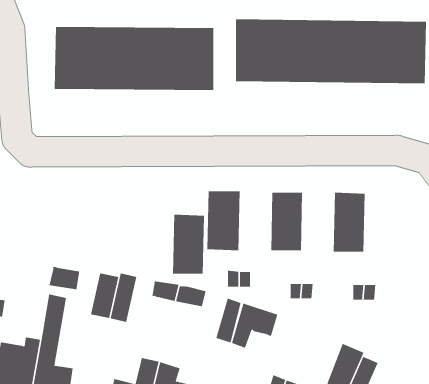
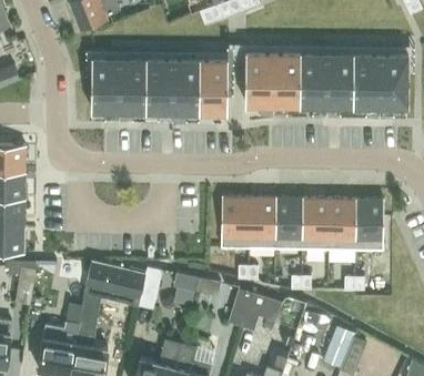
building: none -> [301,199,329,250]
building: none -> [354,200,383,251]
building: [172,214,205,274] -> [248,197,275,248]

